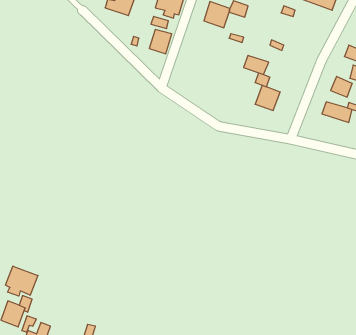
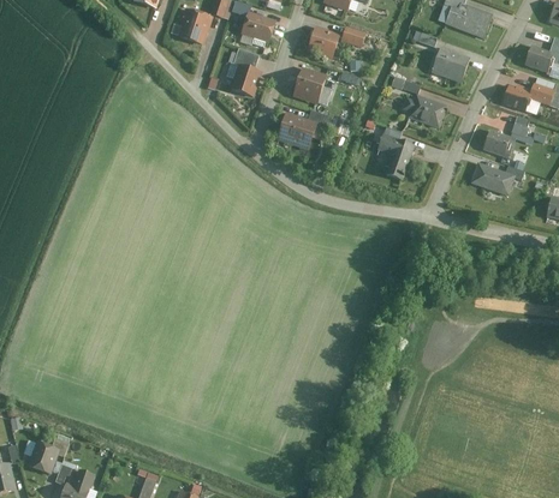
building: none -> [430,50,466,79]
building: none -> [293,67,327,103]
building: [244,55,269,74] -> [408,100,442,126]
building: none -> [276,110,320,150]
building: [6,266,38,296] -> none

